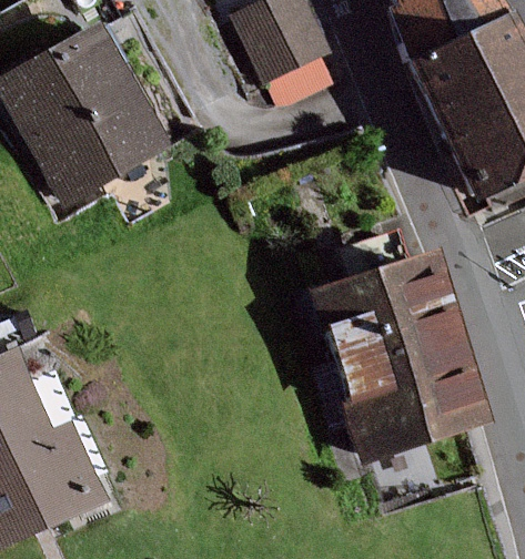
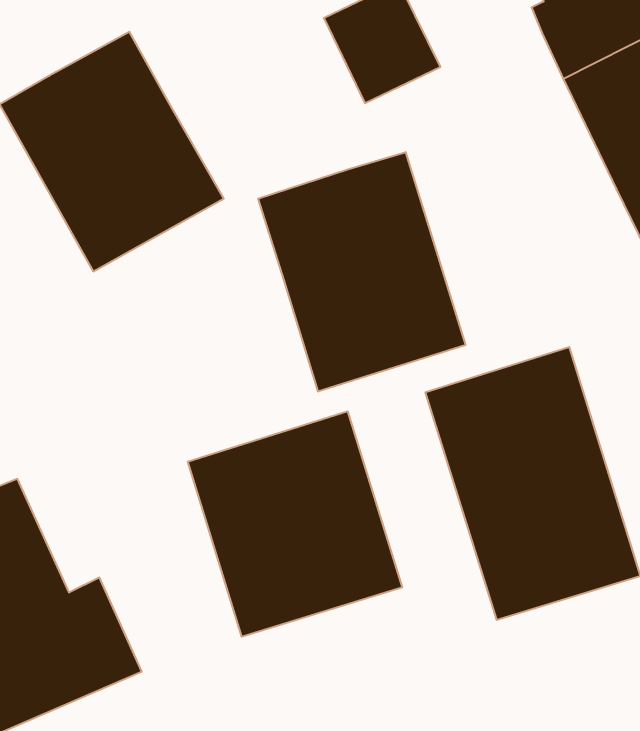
building: none -> [258,152,465,392]
building: none -> [188,411,402,637]

